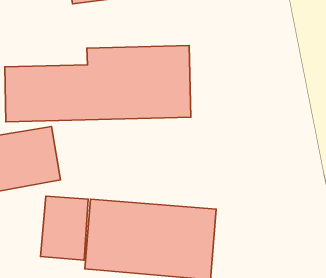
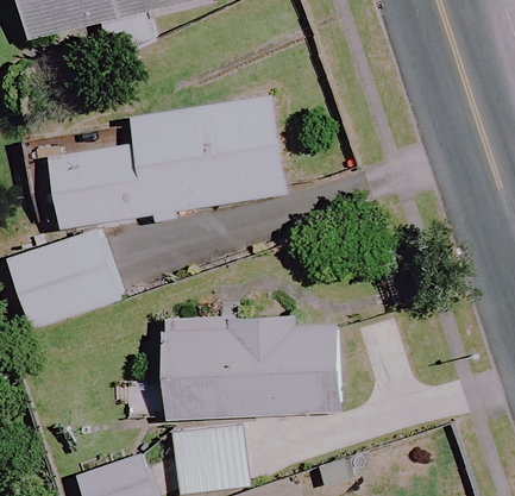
building: [41,196,88,260] -> none

